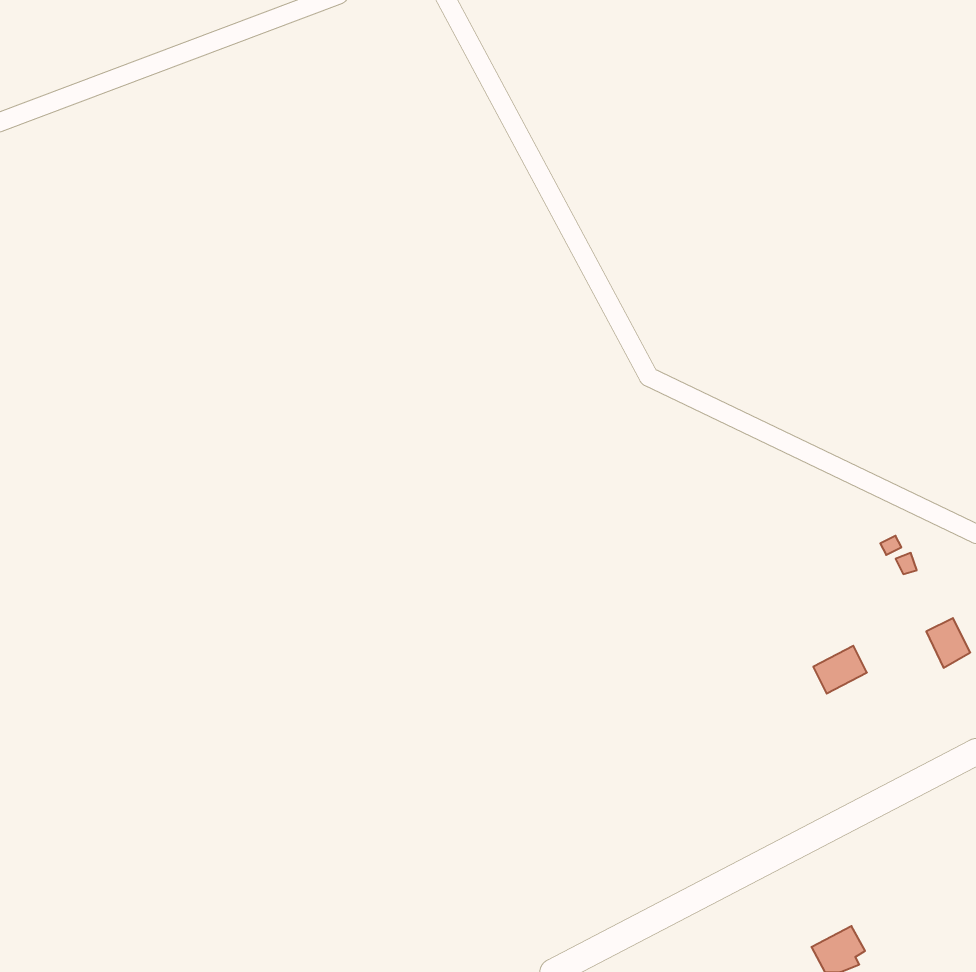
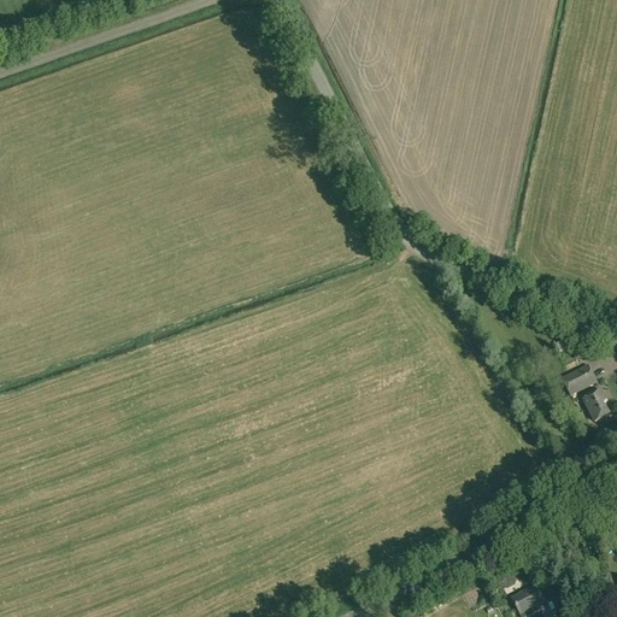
building: [813,646,867,694] -> [562,364,595,394]

